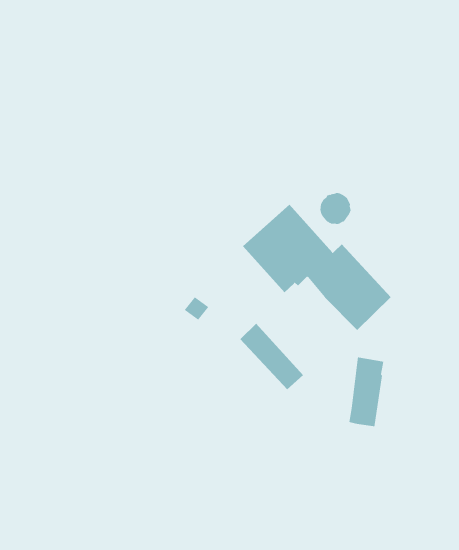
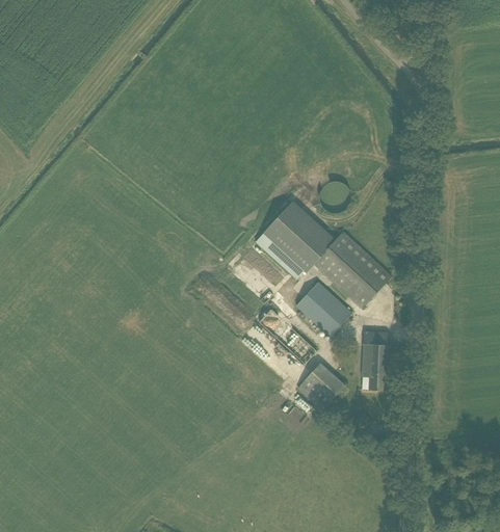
building: none -> [297,281,352,336]
building: none -> [297,362,345,409]

